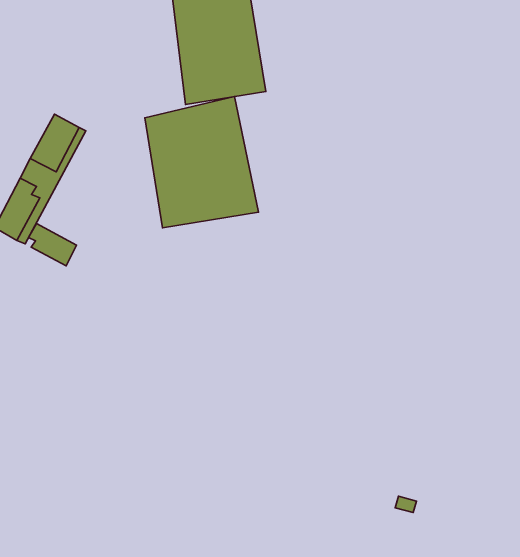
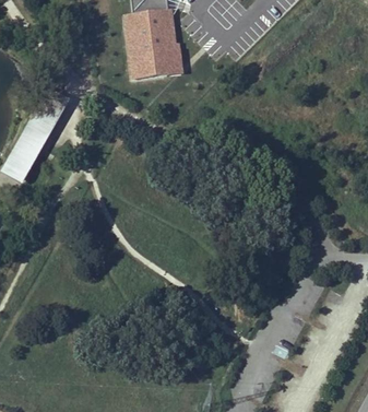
building: [145,97,258,228] -> none
building: [28,224,77,266] -> none

